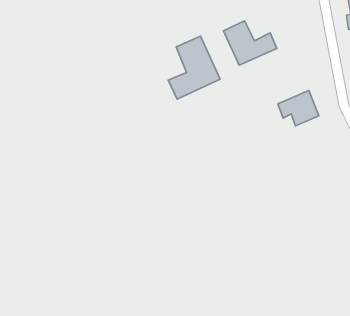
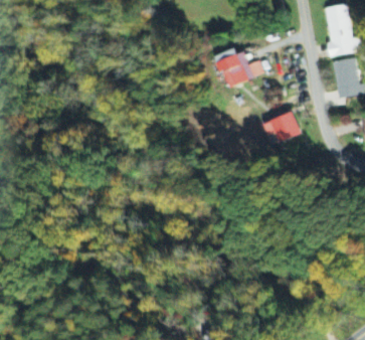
building: [168,36,220,99] -> none

